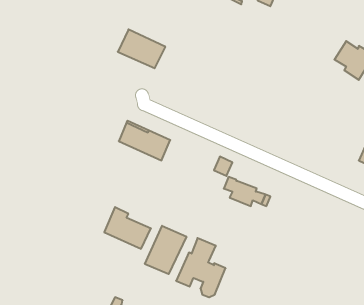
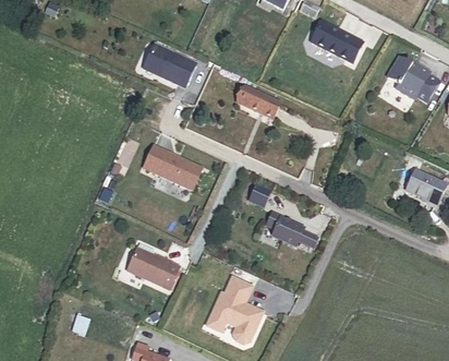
building: none -> [312,23,364,65]
building: none -> [242,86,283,117]
building: [145,226,186,274] -> none

